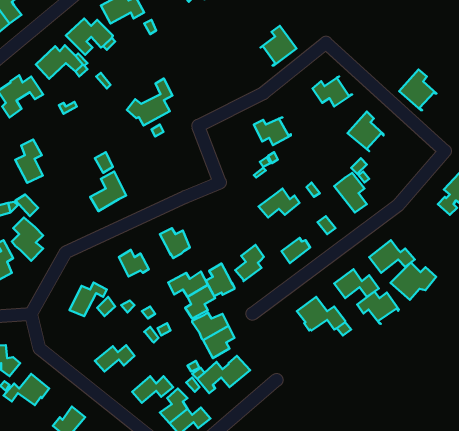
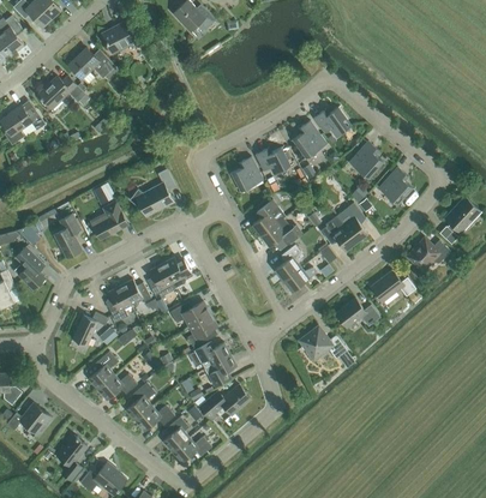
building: [261,26,297,65] -> [290,120,326,160]
building: [399,69,436,110] -> [378,166,415,206]
building: [127,79,172,126] -> [130,168,175,215]
building: none -> [228,156,263,192]
building: [15,139,43,183] -> [54,214,82,257]
building: none -> [252,199,286,235]
building: none -> [320,215,356,250]
building: [235,245,264,281] -> [275,244,304,280]
building: none -> [106,286,131,322]
building: [390,262,436,300] -> [404,235,450,272]
building: [206,264,235,296] -> [146,263,175,295]
building: [357,291,399,324] -> none
building: none -> [88,350,118,389]
building: none -> [126,382,156,420]

